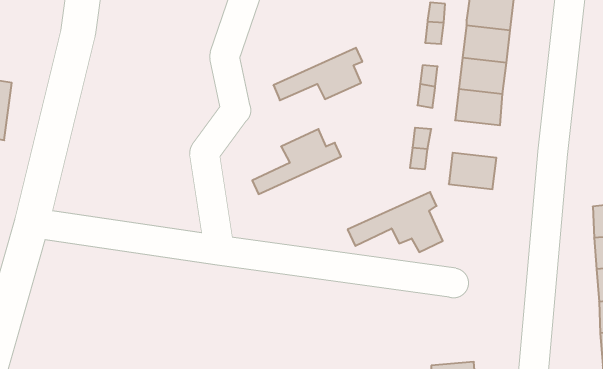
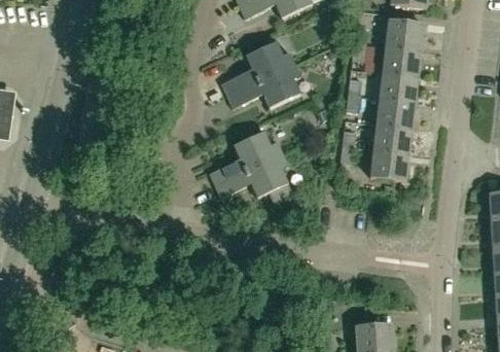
building: none -> [220,41,294,95]
building: none -> [373,124,413,154]
building: [348,192,443,252] -> [214,153,292,203]

